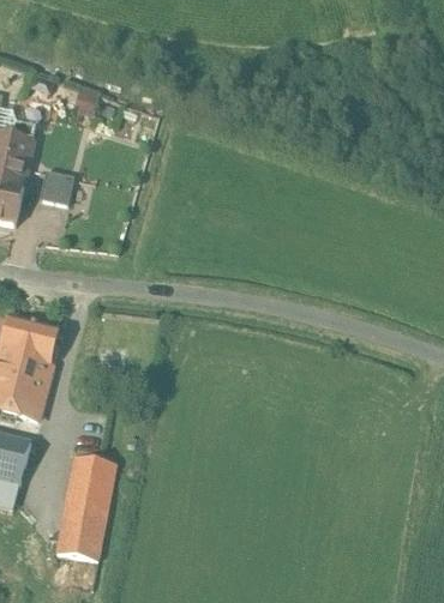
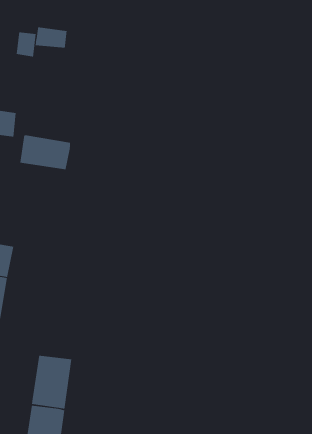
building: none -> [35,26,67,49]
building: none -> [19,135,70,170]

